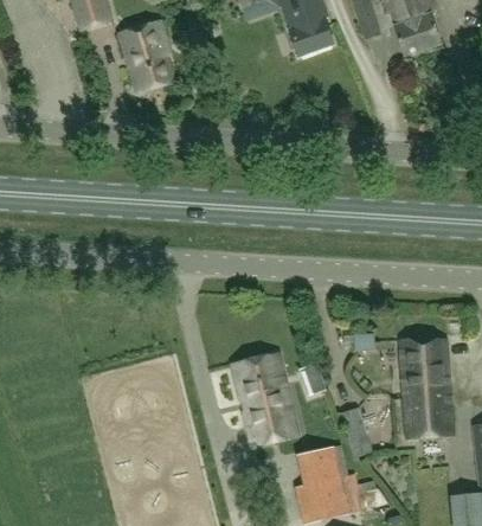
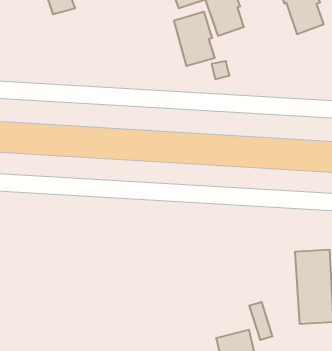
building: [120,19,174,90] -> [174,12,215,66]
building: [231,353,298,444] -> none

